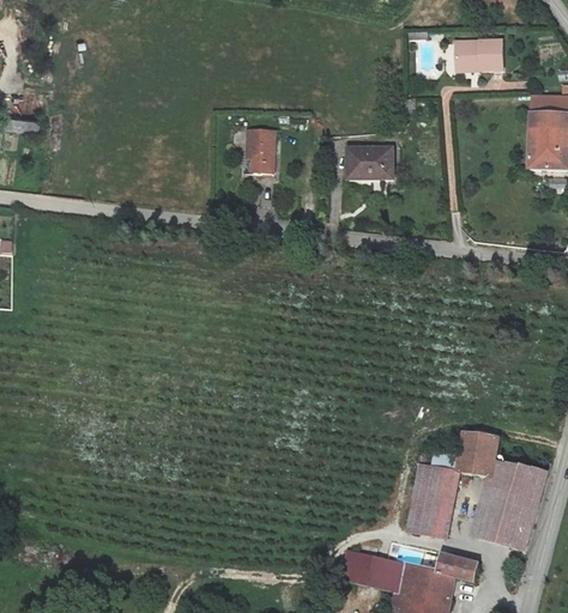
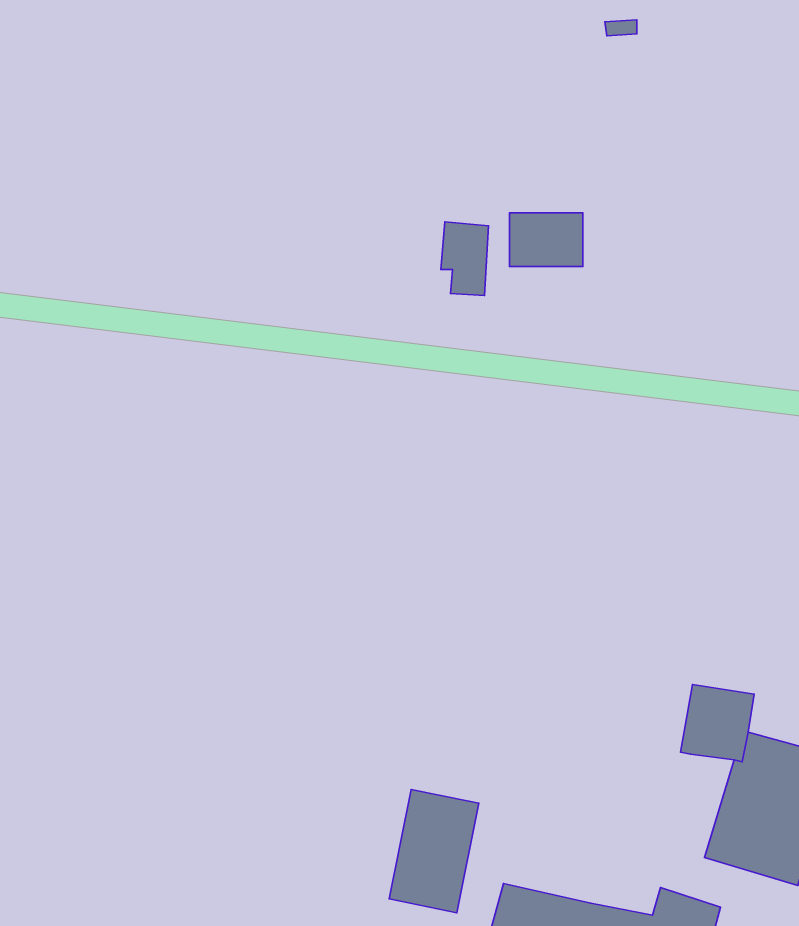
building: [457,43,506,72] -> none
building: [247,128,276,172] -> [441,222,488,295]
building: [405,463,459,538] -> [389,789,479,913]

